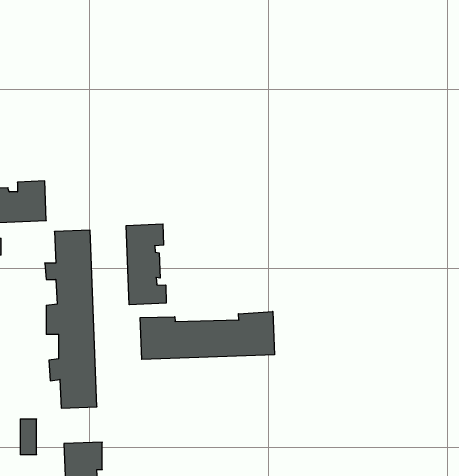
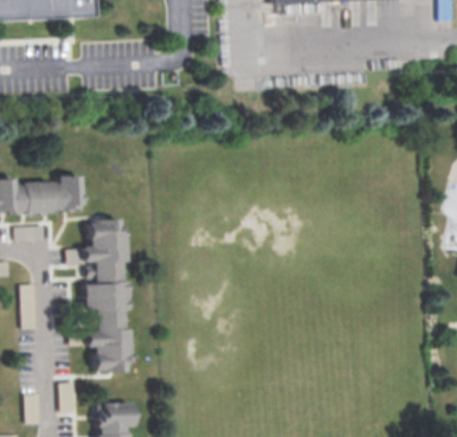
building: [126,224,166,305] -> none
building: [140,311,274,359] -> none

